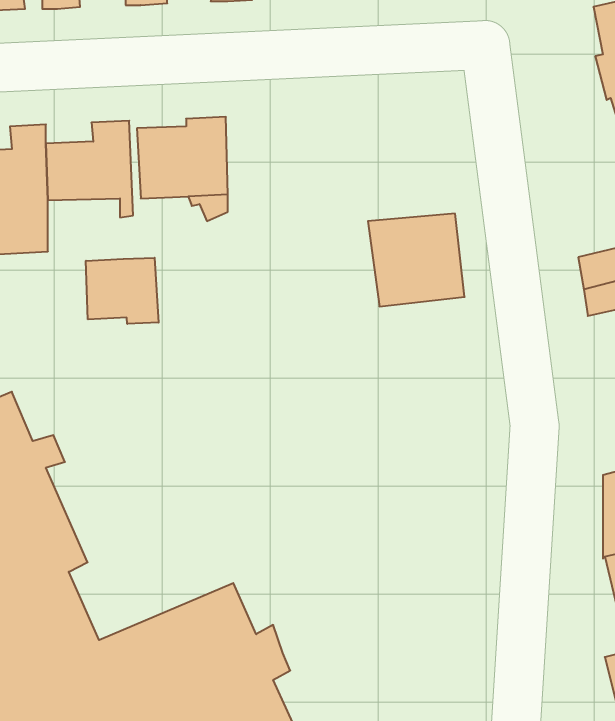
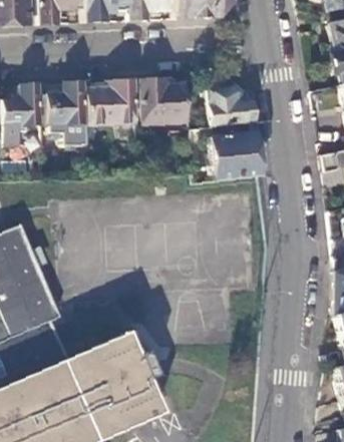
building: none -> [140,80,185,124]
building: none -> [209,86,255,128]
building: [86,258,159,324] -> none

